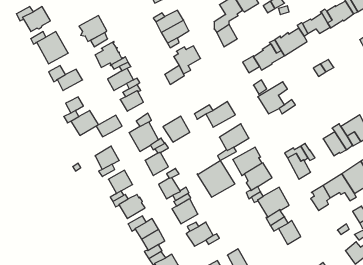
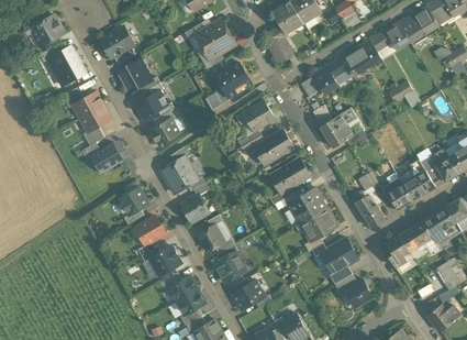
building: [96,115,122,137] -> [80,106,112,132]
building: [163,116,190,142] -> [242,100,275,132]
building: none -> [387,173,413,210]
building: [197,160,235,197] -> none

